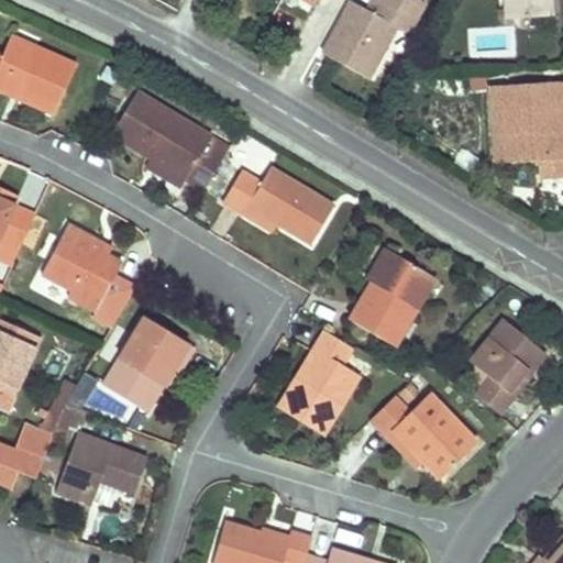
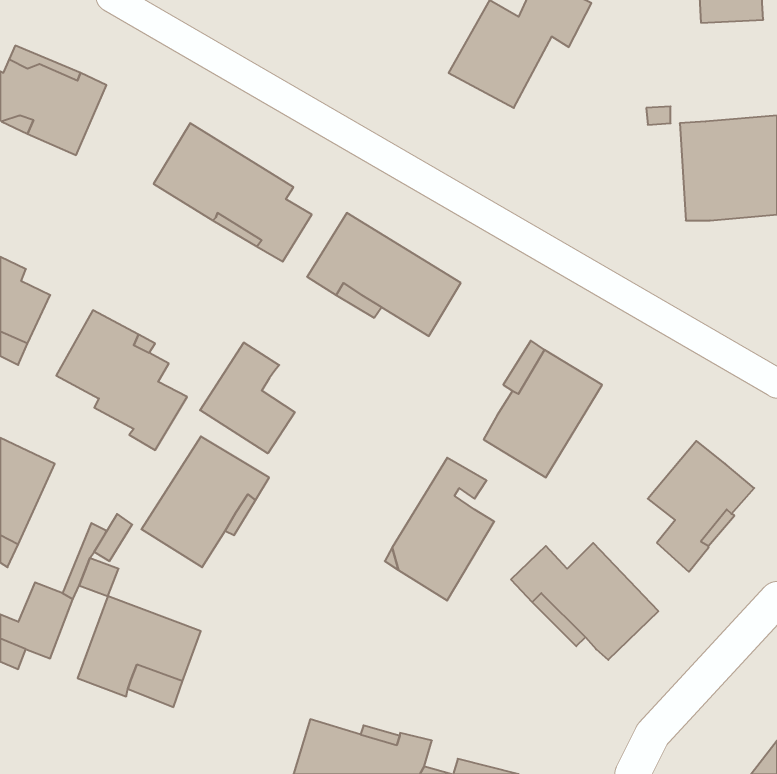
building: none -> [200,342,295,453]

